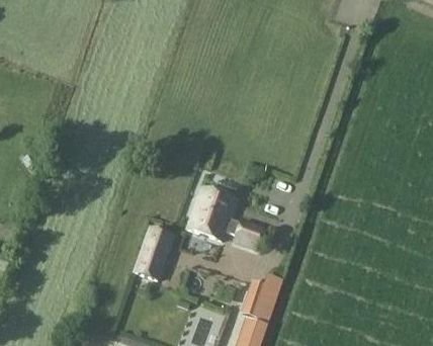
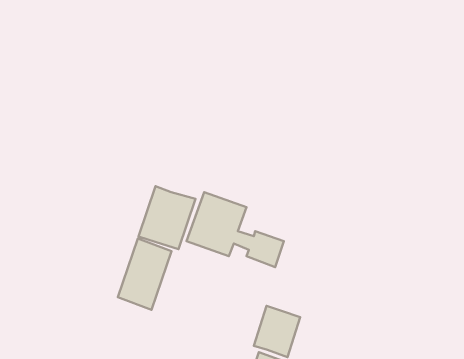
building: none -> [138,186,196,249]

